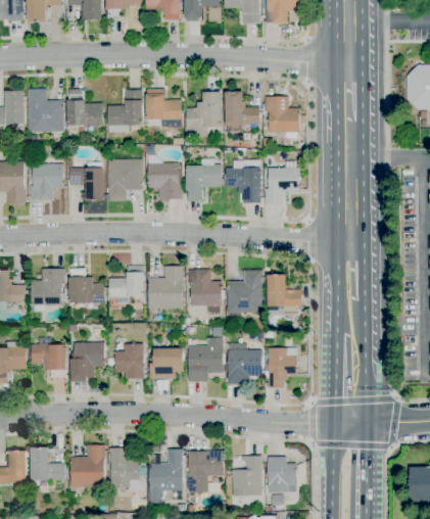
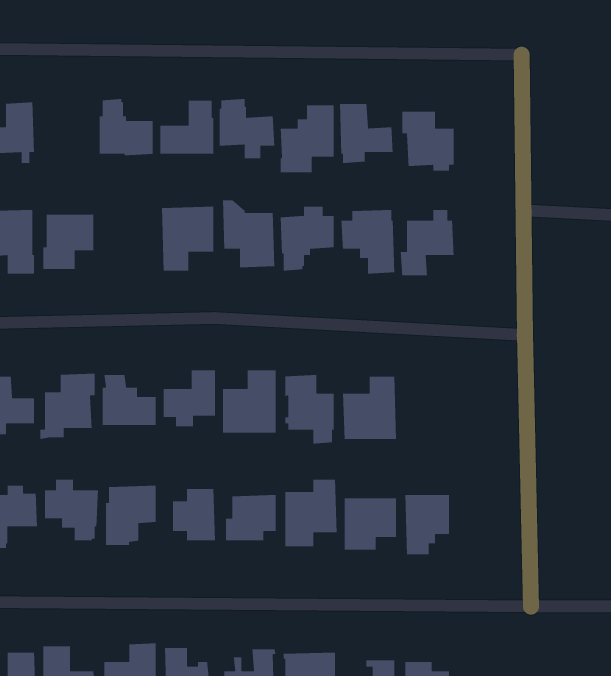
building: [29,89,64,132] -> none
building: [70,161,104,201] -> none
building: [268,274,302,314] -> none

